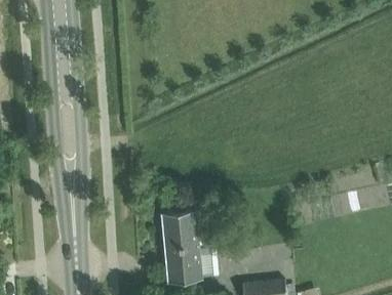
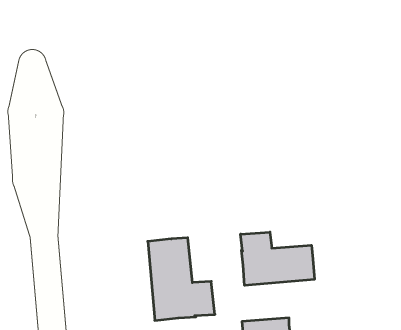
building: none -> [241,232,314,285]

